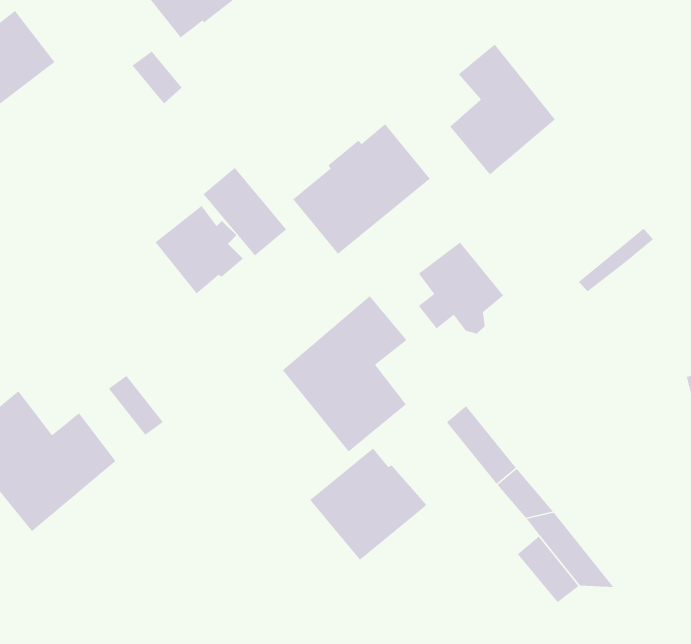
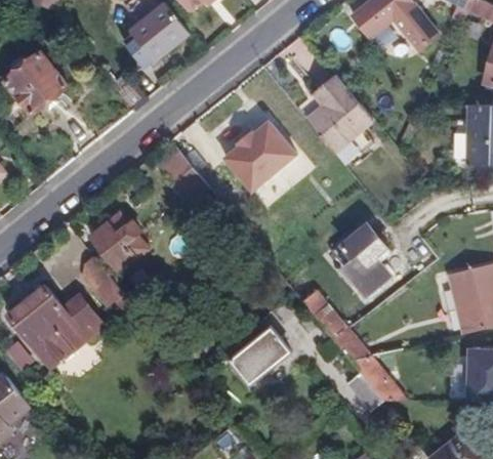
building: [154,205,244,294] -> [91,214,146,268]
building: [418,242,504,334] -> [338,225,391,282]
building: [282,295,408,453] -> none

